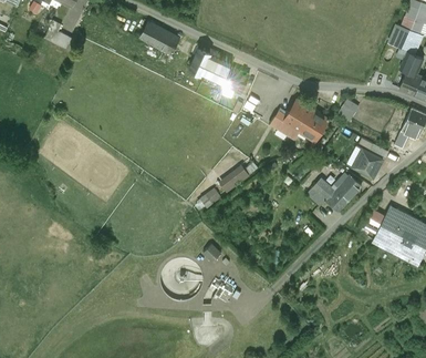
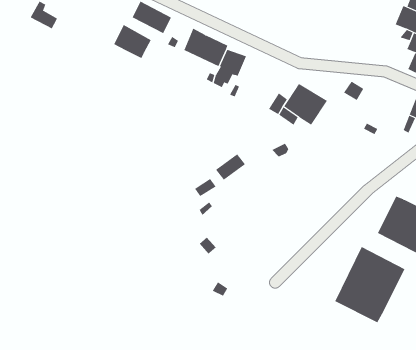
building: none -> [113,24,151,59]
building: [353,149,383,177] -> none
building: [318,175,362,212] -> none
building: none -> [334,246,405,323]

